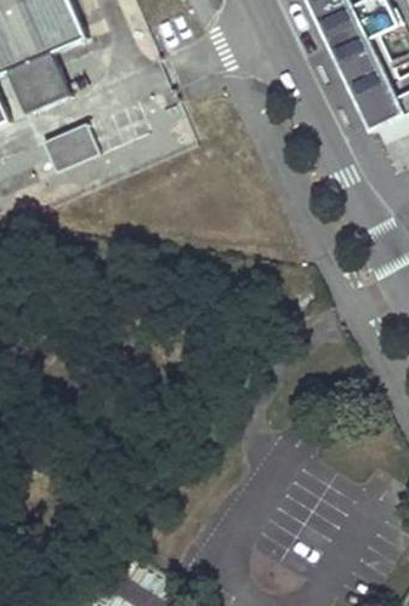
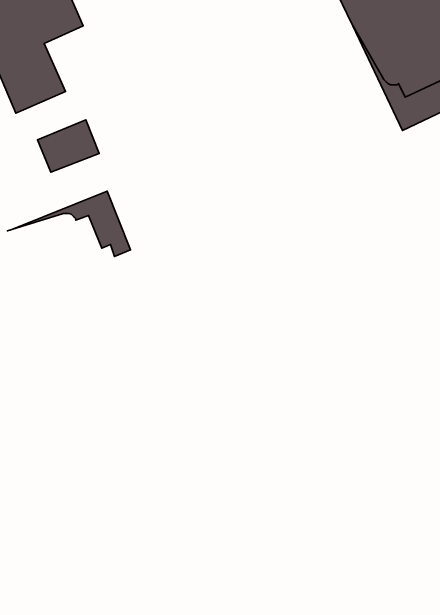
building: none -> [7,191,130,257]

